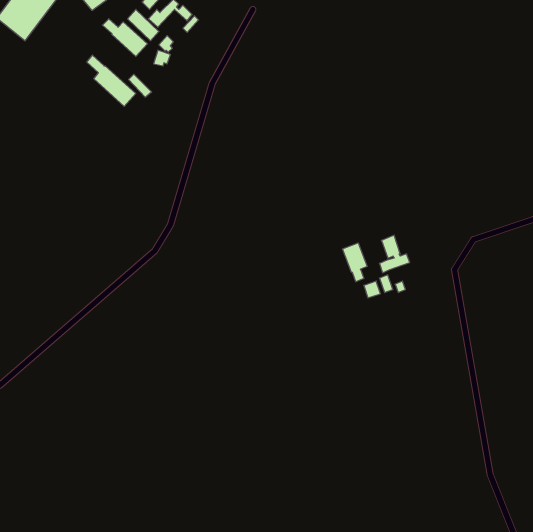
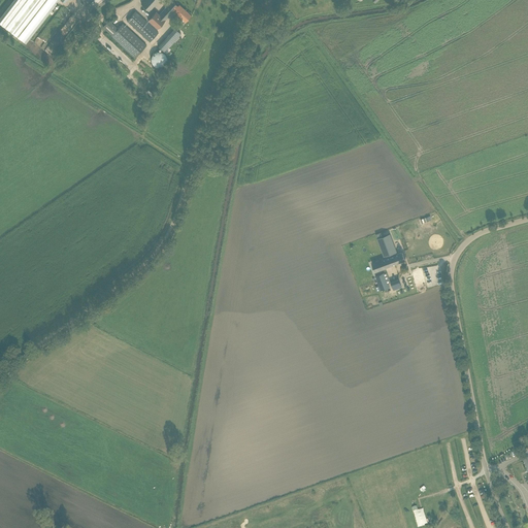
building: [87,55,136,106] -> none
building: [343,243,367,282] -> none

